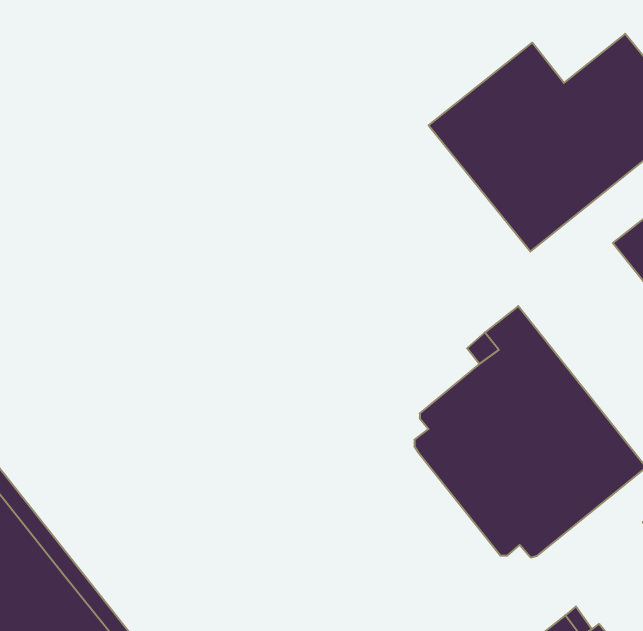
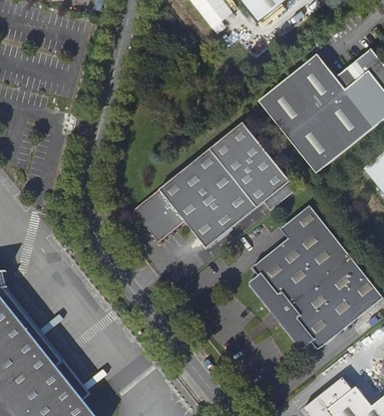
building: none -> [132,124,296,248]

